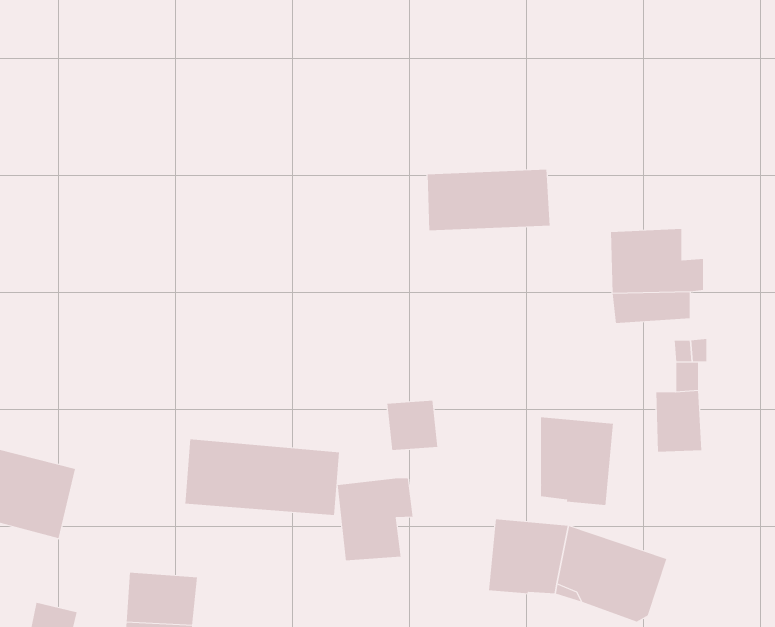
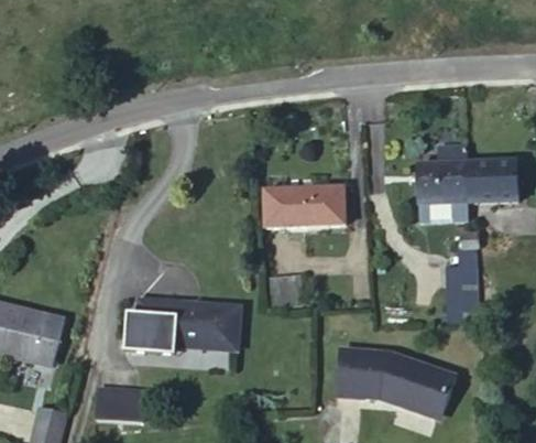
building: [427,169,550,231] -> [264,185,346,226]
building: none -> [464,158,519,199]
building: [540,417,613,506] -> none
building: [337,477,413,561] -> none

